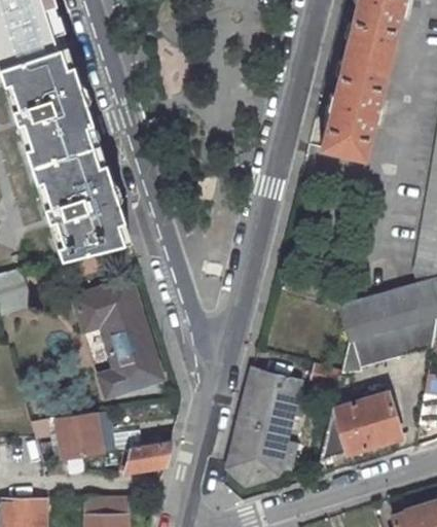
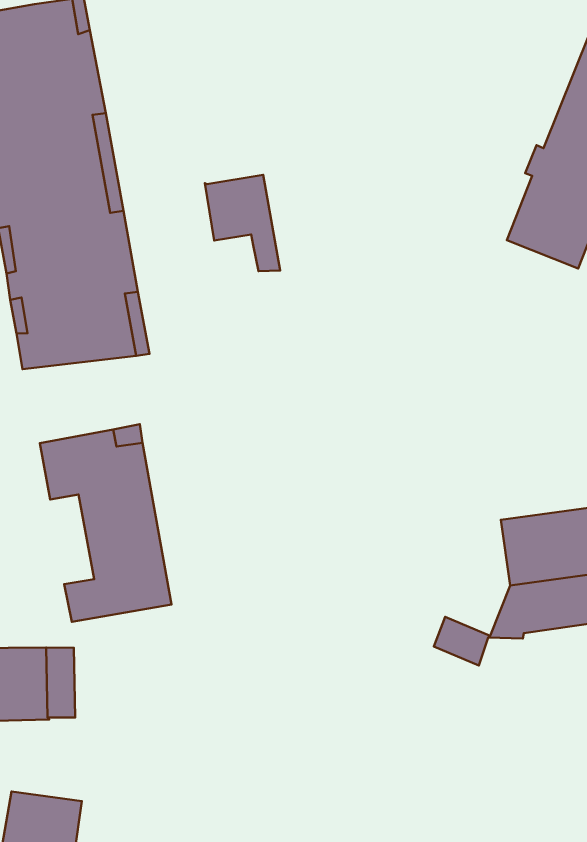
building: none -> [205,175,280,271]
building: [228,370,302,483] -> none
building: [320,392,401,461] -> none
building: [122,440,172,472] -> none

